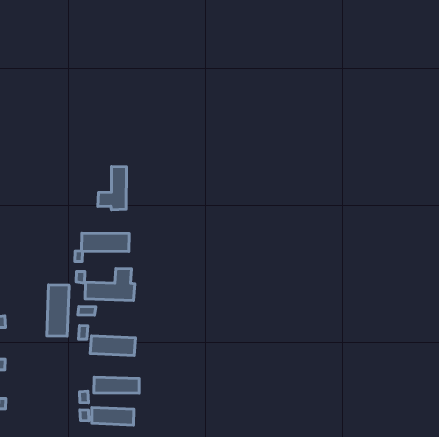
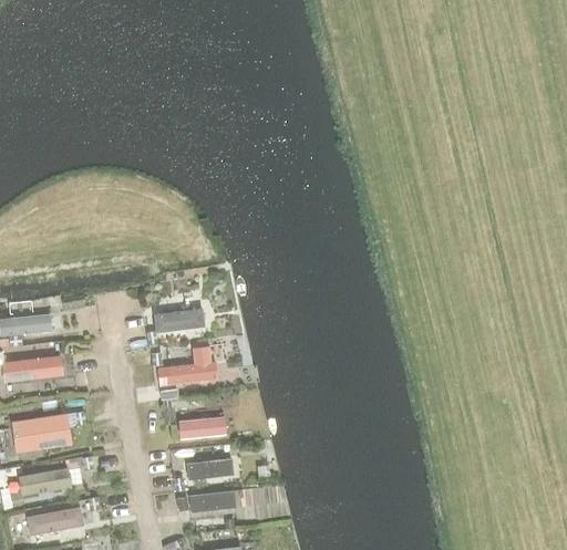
building: [98,166,127,210] -> none
building: [47,285,69,336] -> none

